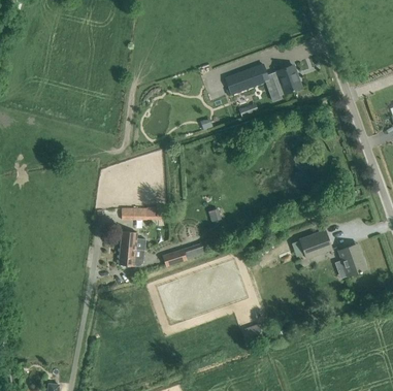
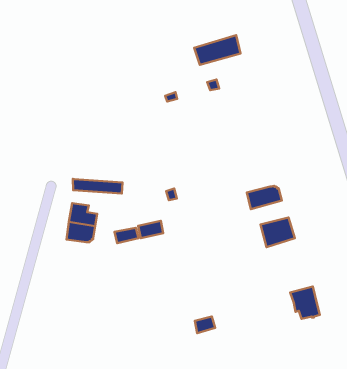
building: [272,64,301,94] -> none
building: none -> [247,186,282,209]
building: [337,242,366,273] -> [290,286,320,319]

